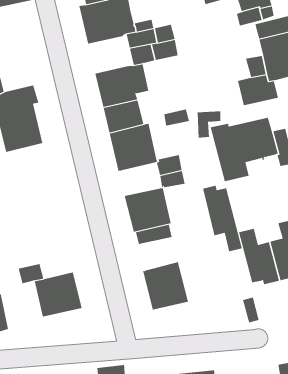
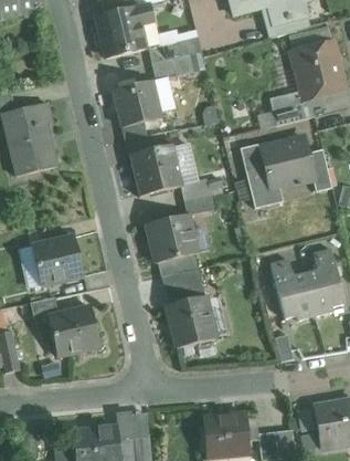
building: [202,185,243,252] -> none
building: none -> [31,234,84,284]
building: none -> [161,268,205,304]

